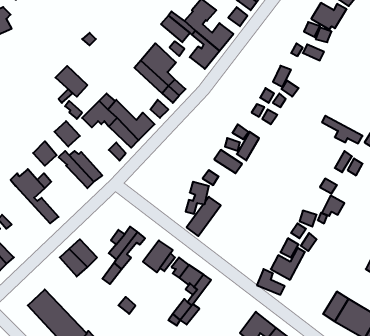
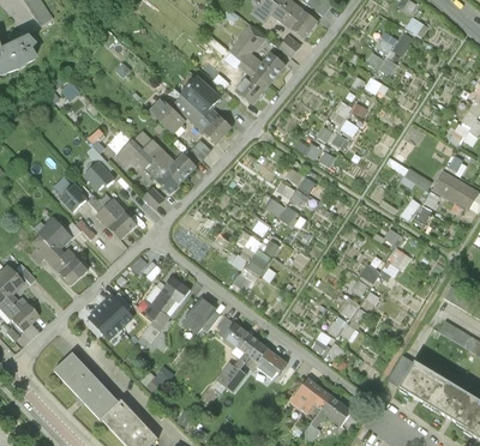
building: [55,66,87,97] -> [149,97,185,132]
building: none -> [29,235,78,285]
building: none -> [248,340,287,378]

